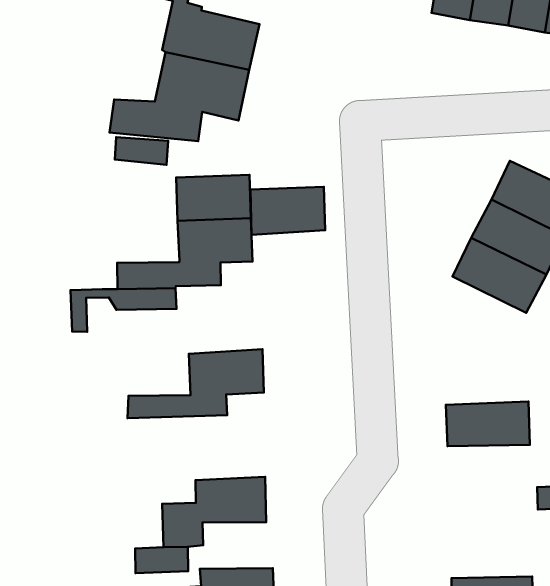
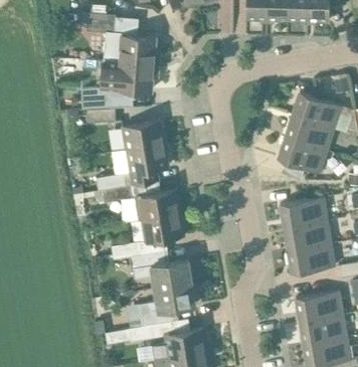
building: [250,187,325,235] -> [137,189,180,220]
building: none -> [279,197,327,228]
building: none -> [131,250,191,288]
building: none -> [287,243,334,274]
building: none -> [295,291,342,321]

